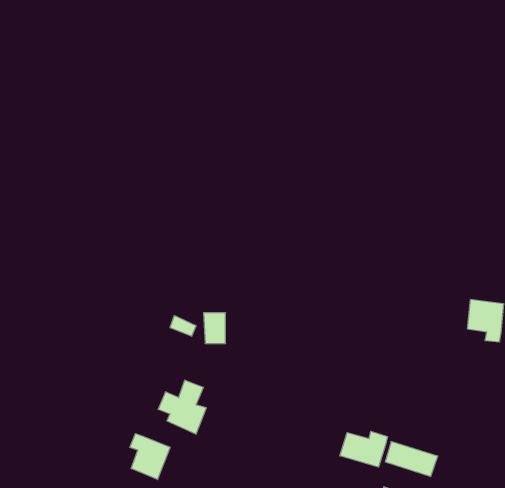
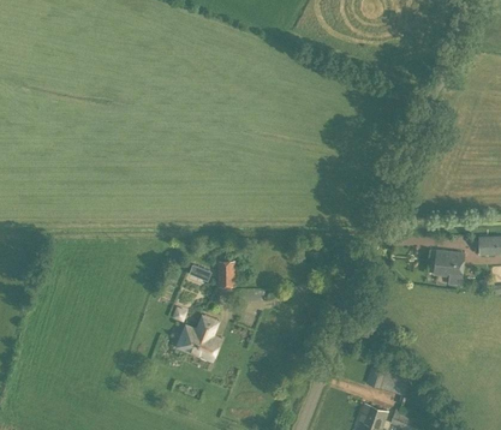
building: [340,431,387,467] -> none
building: [130,434,170,480] -> none

